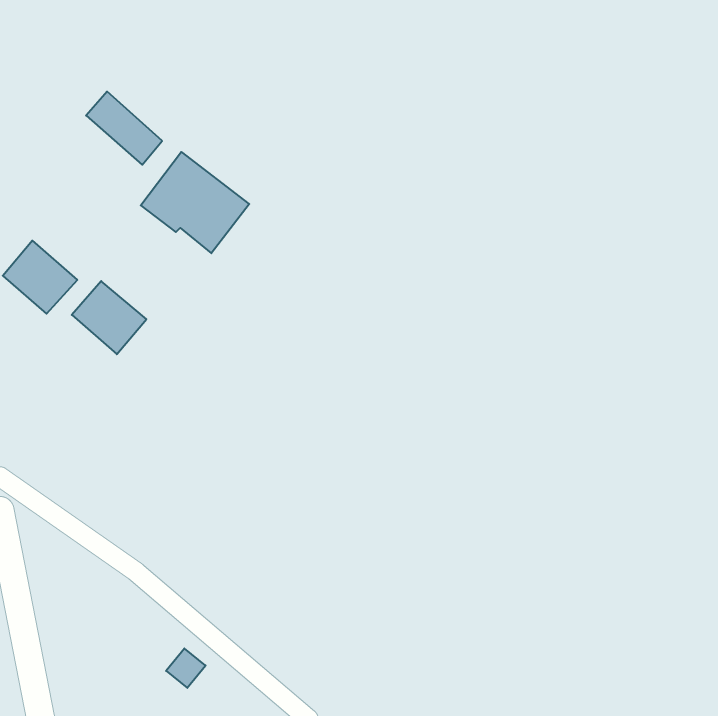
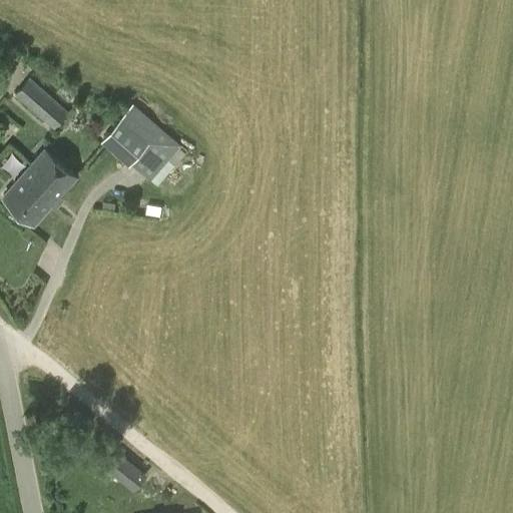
building: [86,92,162,165] -> [15,78,69,130]
building: [72,281,146,354] -> [24,149,77,201]

